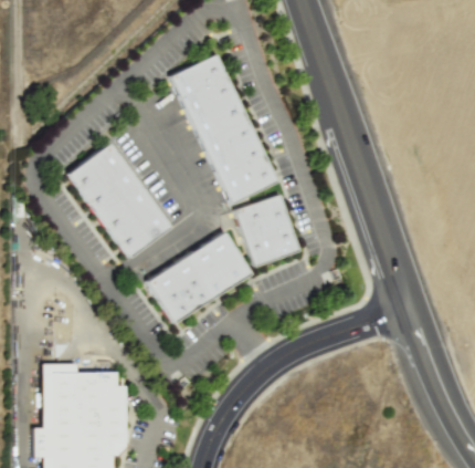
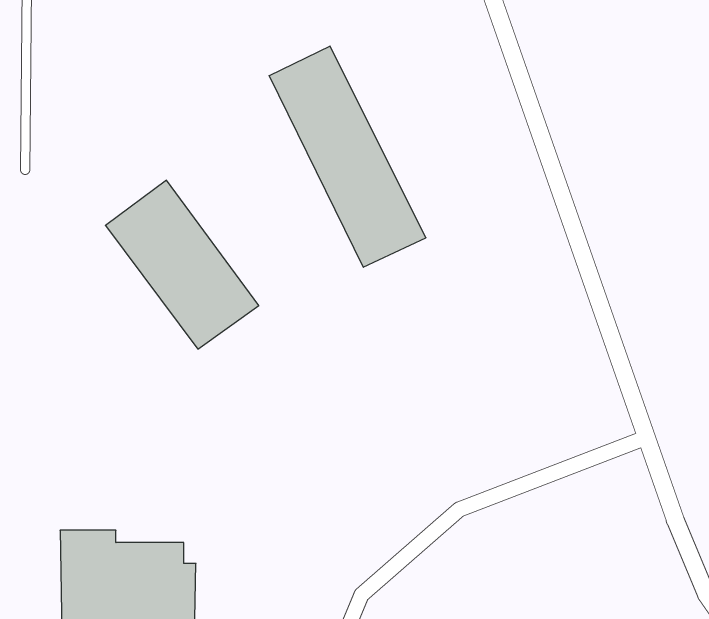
building: [238,198,295,262] -> none
building: [148,232,250,322] -> none

